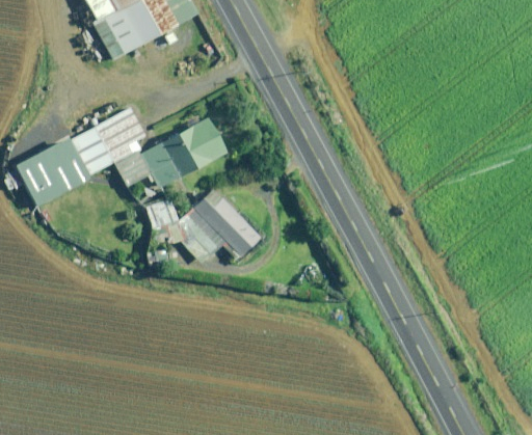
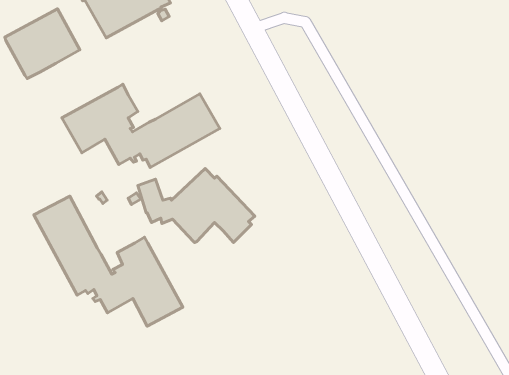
building: [16,135,89,203] -> [5,9,80,78]
building: none -> [34,196,183,326]

